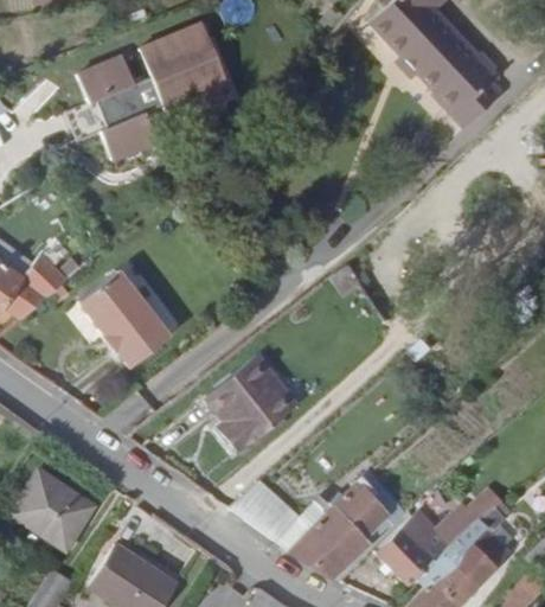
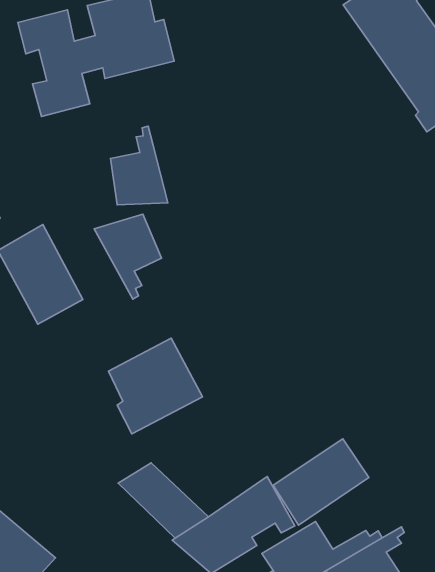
building: none -> [110,126,168,205]
building: none -> [94,214,161,299]
building: none -> [273,439,369,525]

